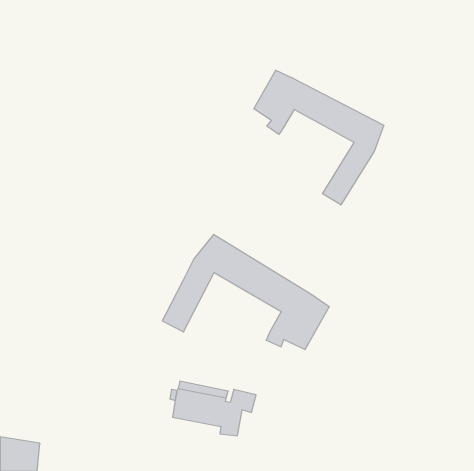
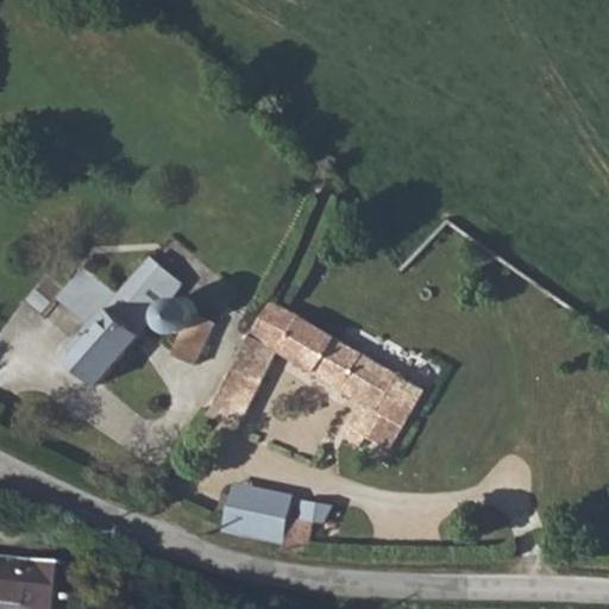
building: [254,70,384,205] -> none
building: none -> [65,252,214,382]

